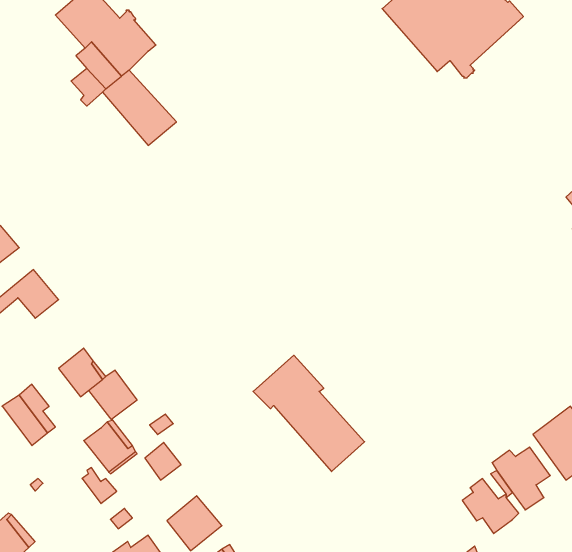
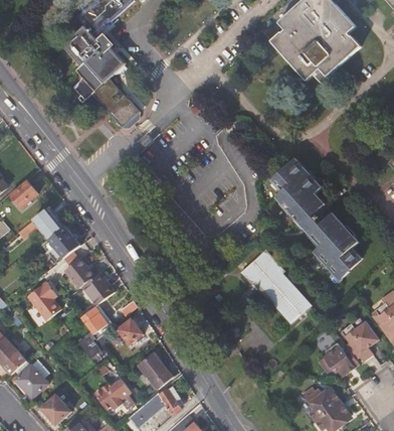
building: none -> [273,160,361,279]
building: none -> [48,226,80,258]
building: [253,355,365,472] -> [239,250,311,324]

